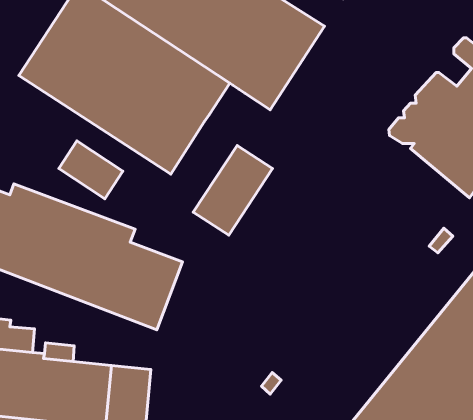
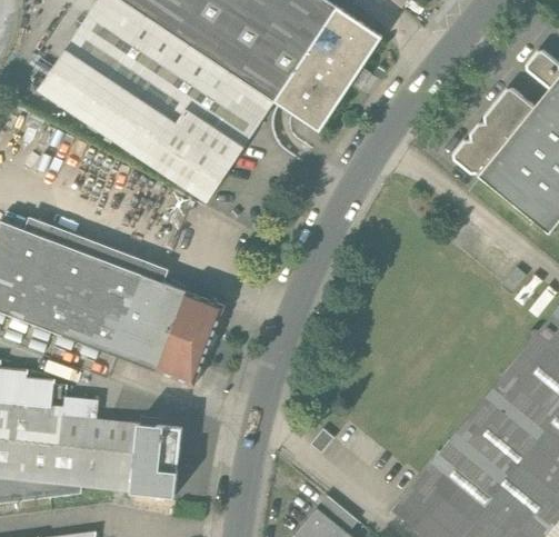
building: [59,141,123,199] -> none
building: [193,145,273,235] -> none

